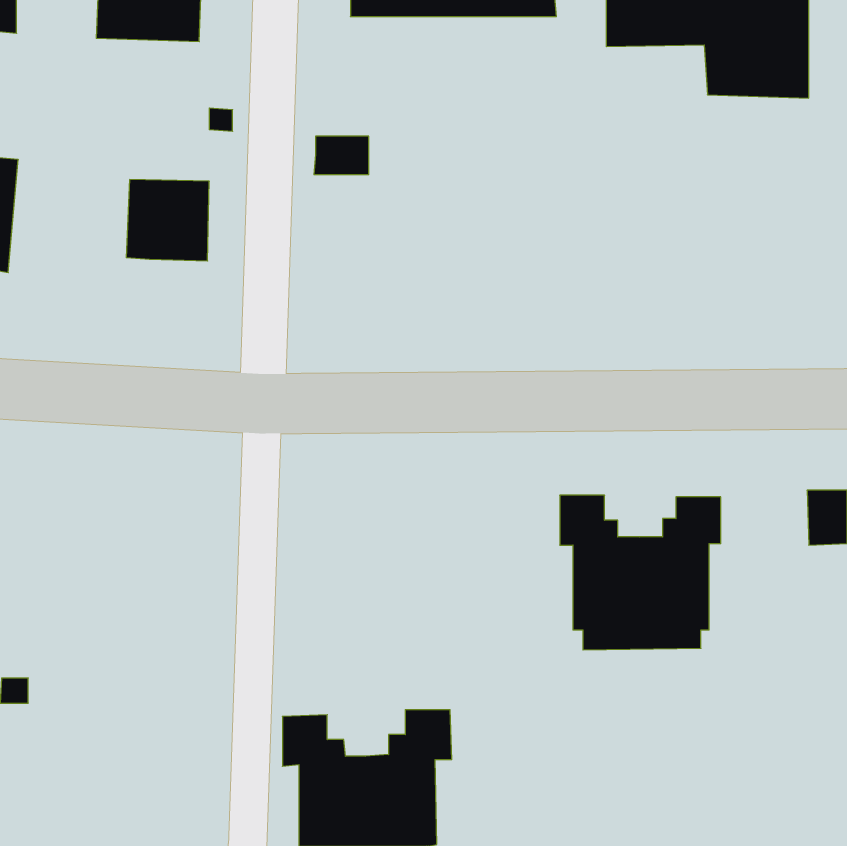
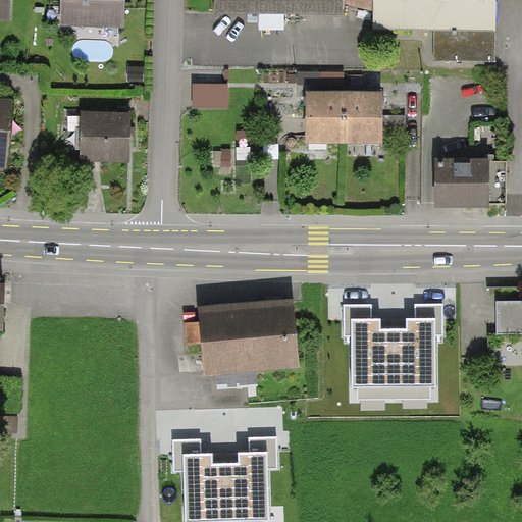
building: none -> [306,90,381,144]
building: none -> [436,161,507,202]
building: none -> [200,297,298,374]

